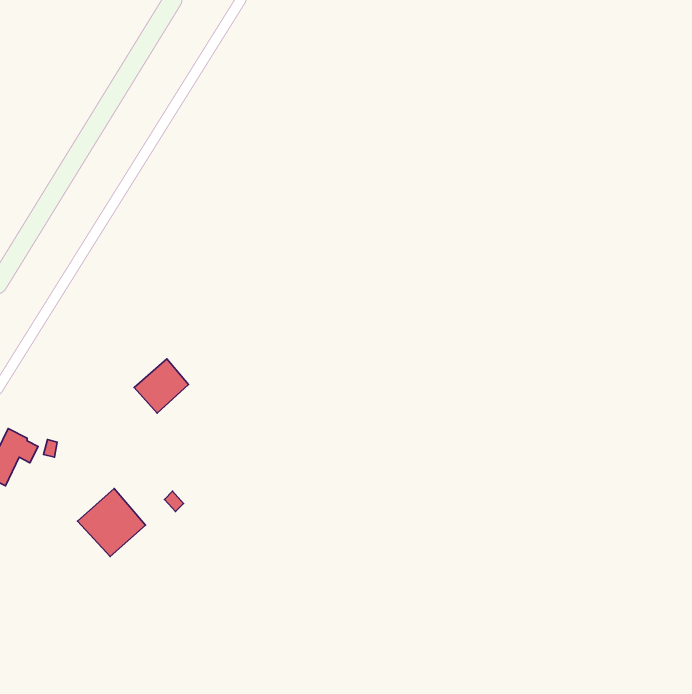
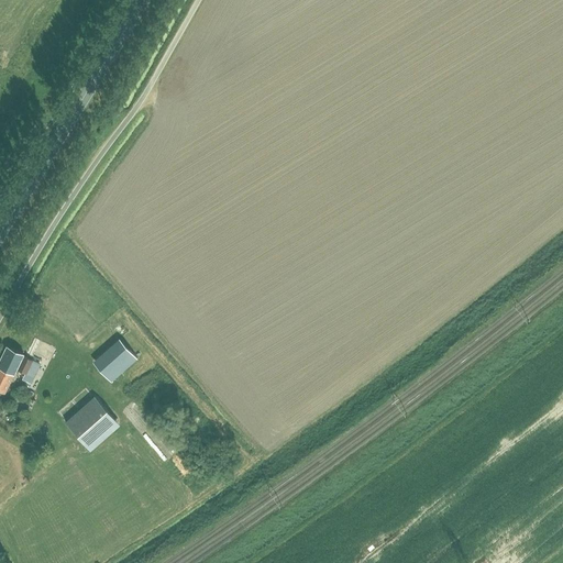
building: [134,359,188,413] -> [91,339,135,383]

